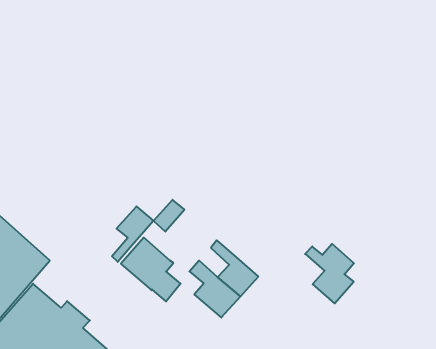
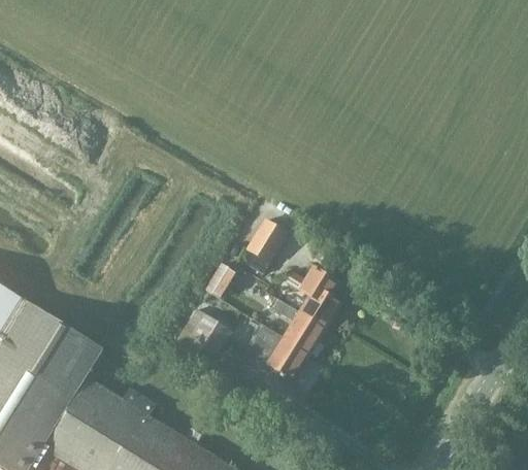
building: none -> [245,220,287,264]
building: [112,206,153,262] -> none
building: [305,244,354,303] -> [285,267,341,330]

